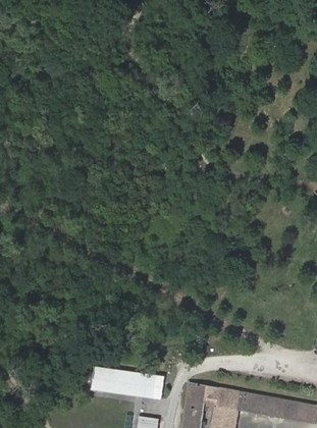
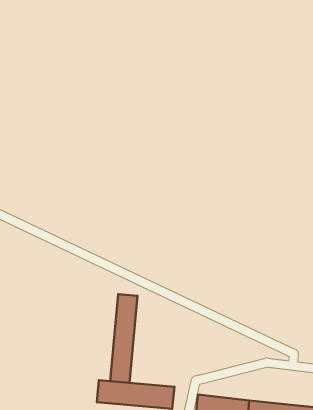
building: none -> [110,294,137,383]

